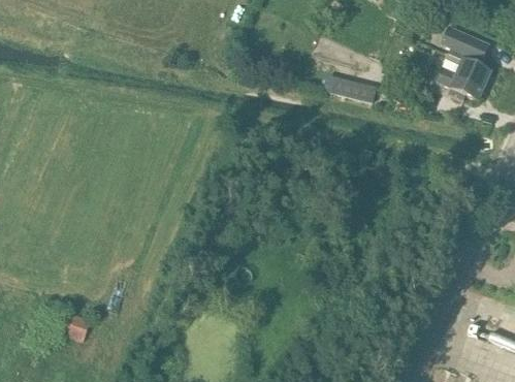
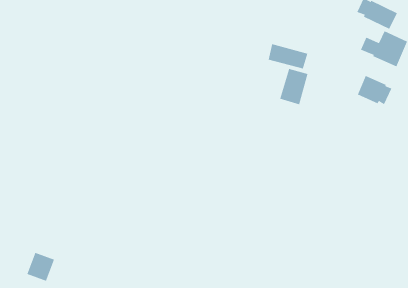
building: none -> [280,68,308,105]
building: none -> [357,75,392,105]

